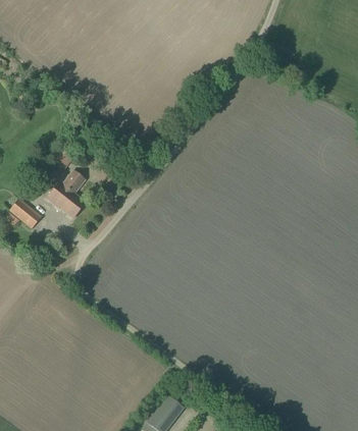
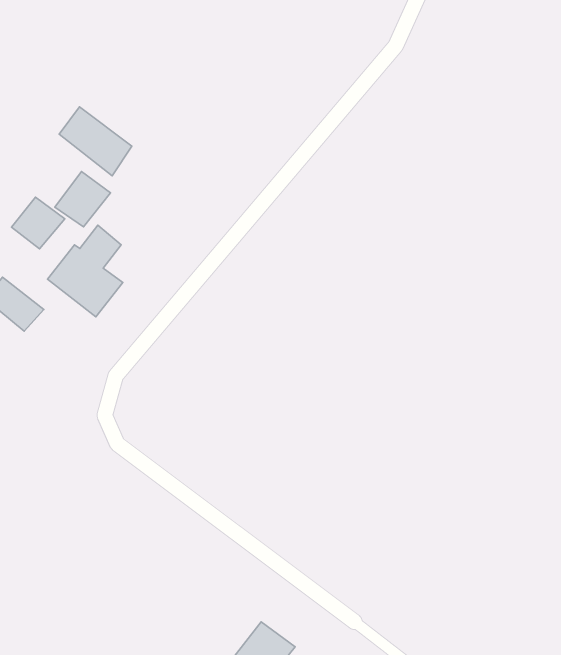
building: none -> [59,107,132,176]
building: none -> [12,197,65,249]

